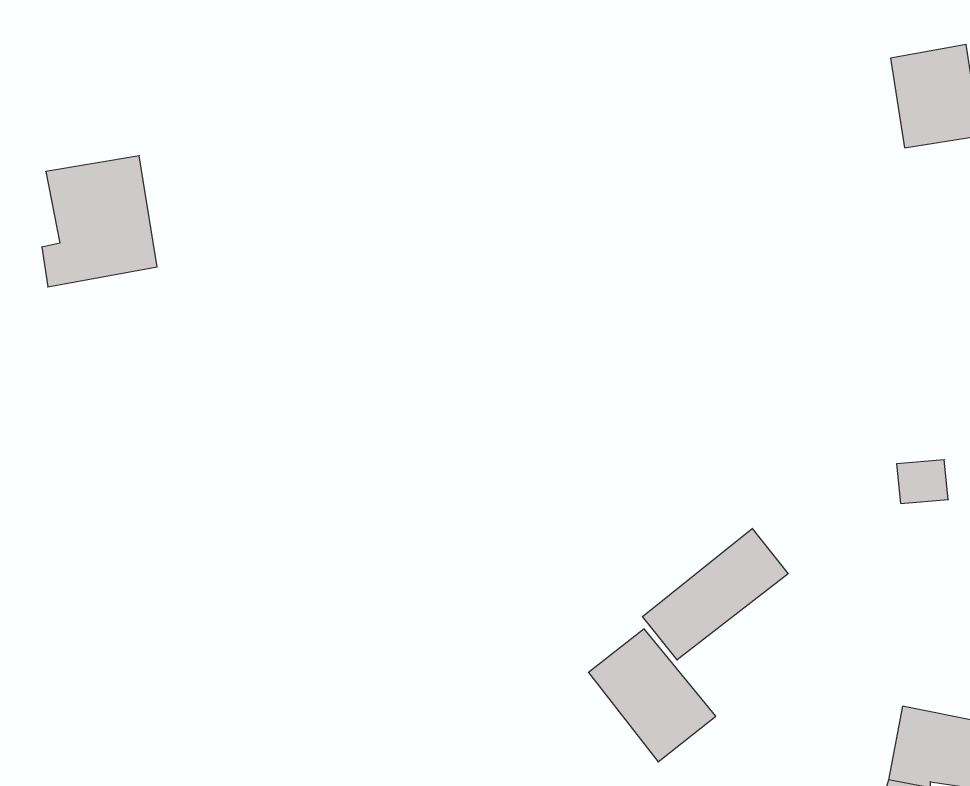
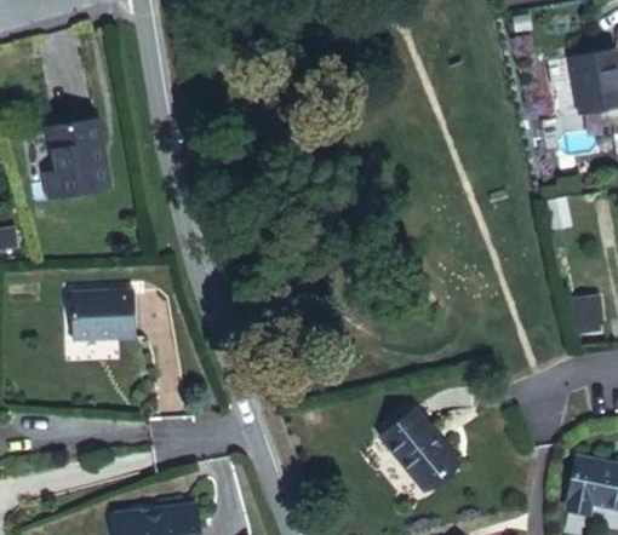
building: none -> [62,300,133,350]
building: [642,528,788,660] -> none

